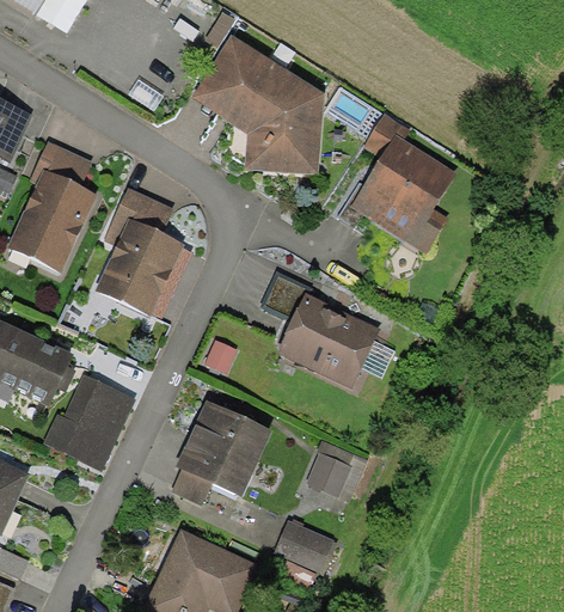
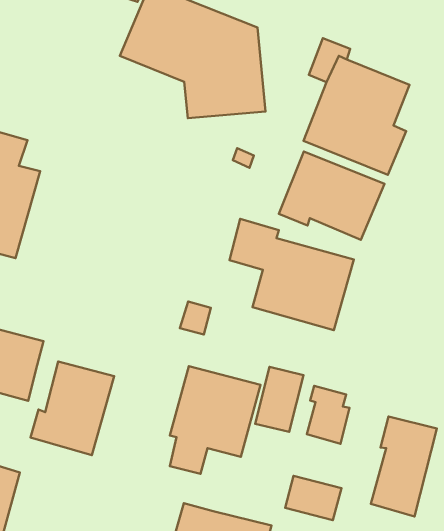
building: [97,186,184,316] -> none
building: none -> [279,151,384,240]
building: none -> [255,367,304,432]
building: none -> [371,416,437,516]

